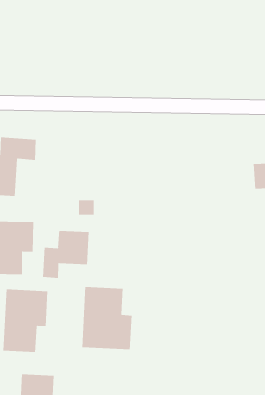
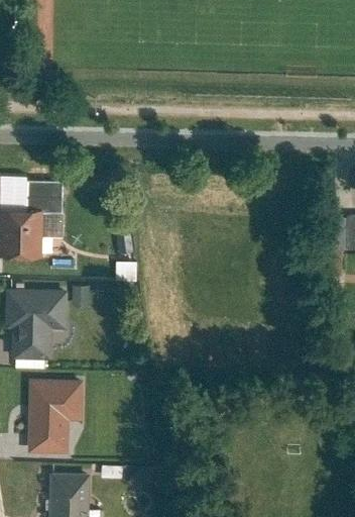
building: [43,230,89,279] -> none
building: [82,286,132,350] -> none

